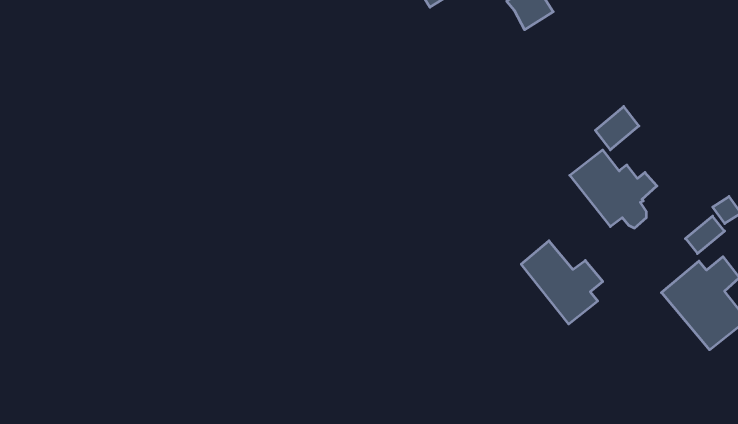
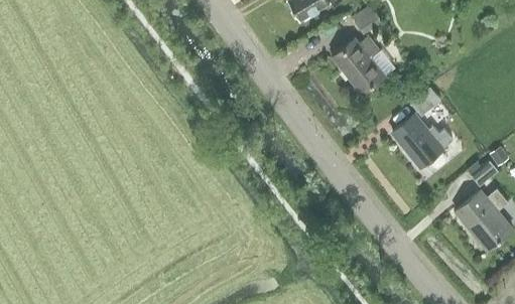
building: none -> [331,36,385,94]
building: [521,241,603,324] -> none

